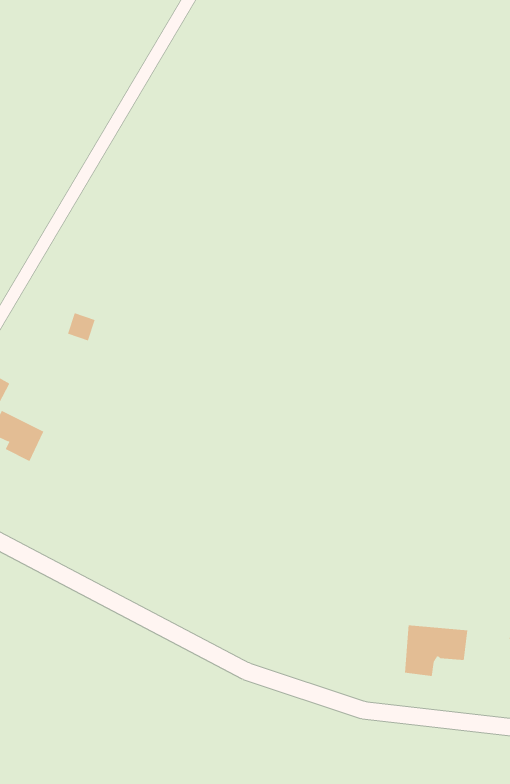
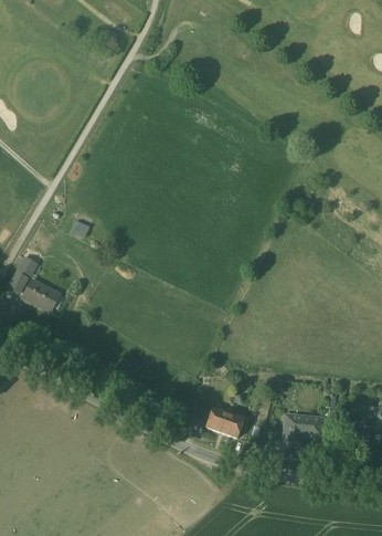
building: none -> [206,409,244,440]

